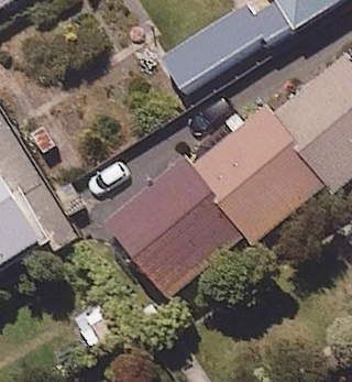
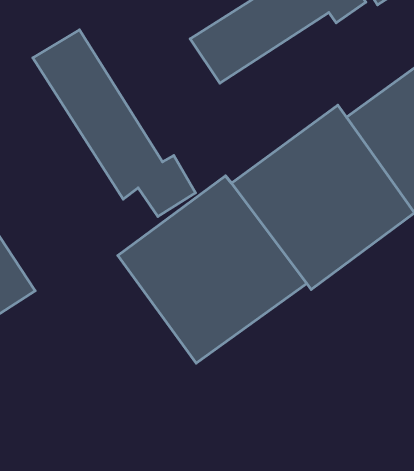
building: none -> [33,30,196,217]

